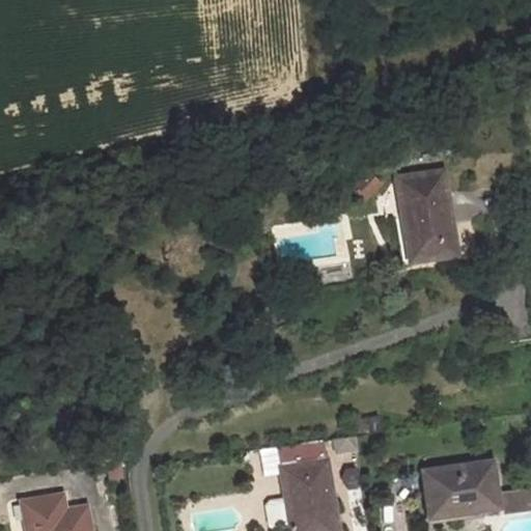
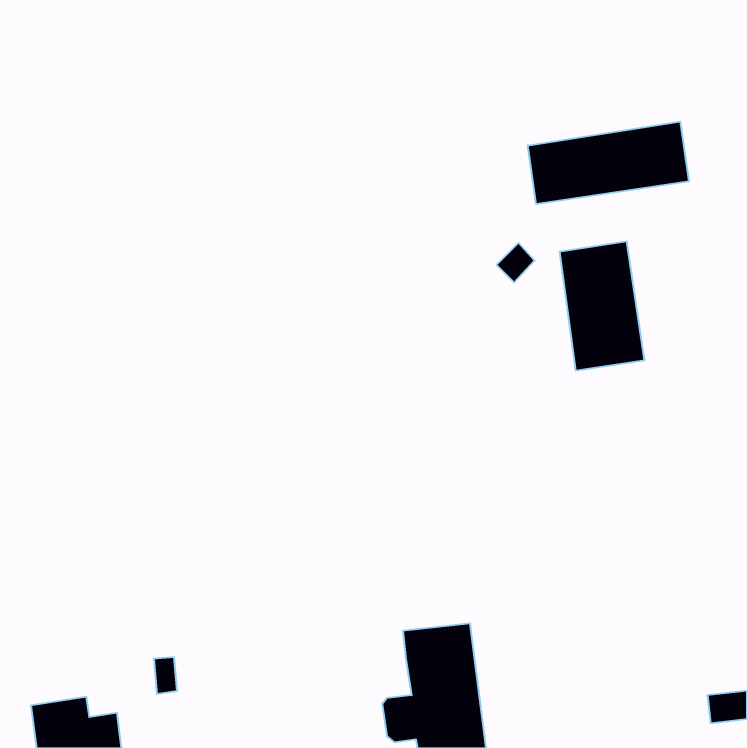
building: none -> [528,122,689,204]
building: [423,462,498,520] -> none

